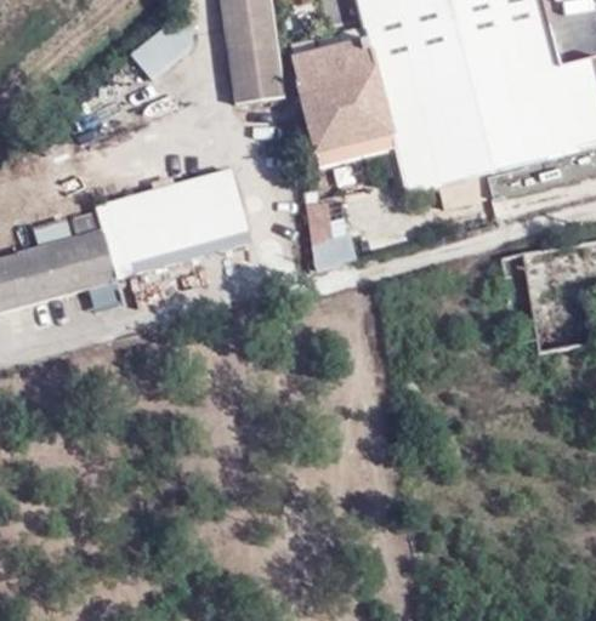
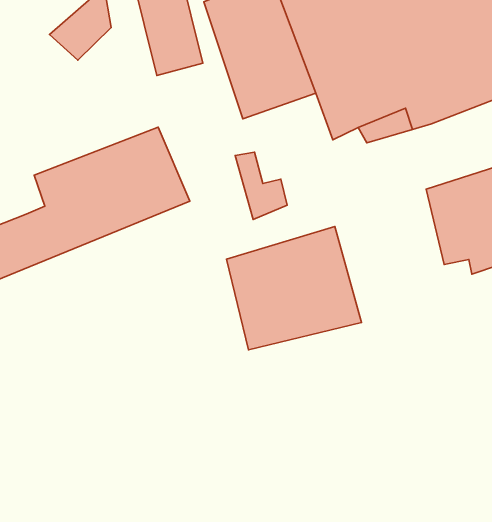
building: none -> [227,226,361,350]

